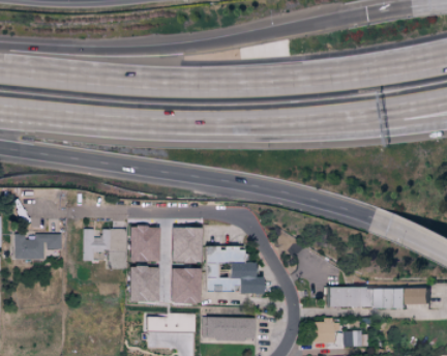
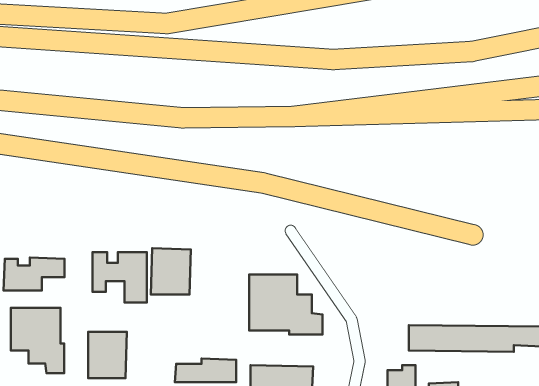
building: [169,229,199,263] -> none
building: [126,268,156,304] -> [88,332,127,378]
building: [168,269,198,306] -> none
building: none -> [11,308,64,373]

